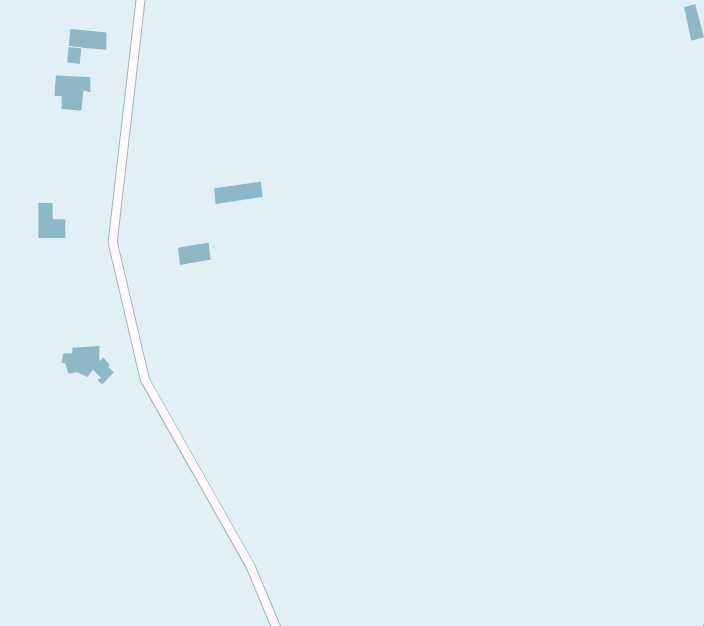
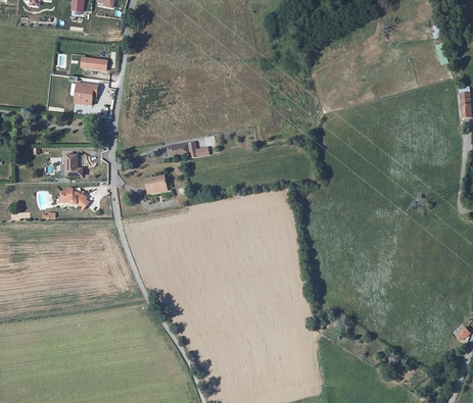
building: [61,346,115,385] -> [58,190,89,212]

